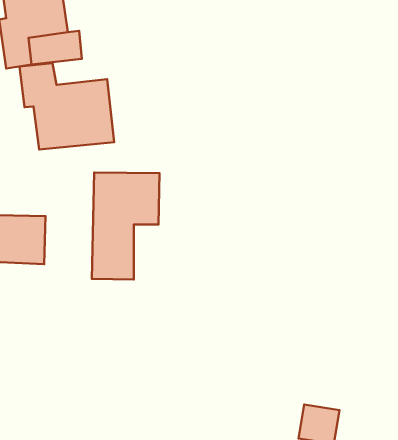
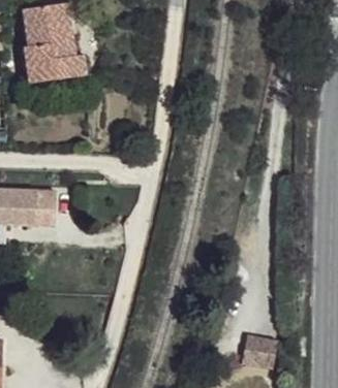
building: [20,63,114,149] -> none
building: [92,173,160,280] -> none

